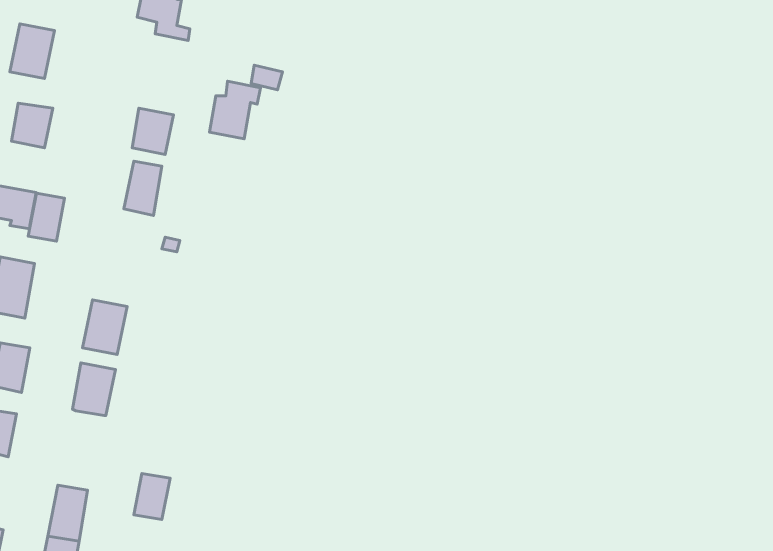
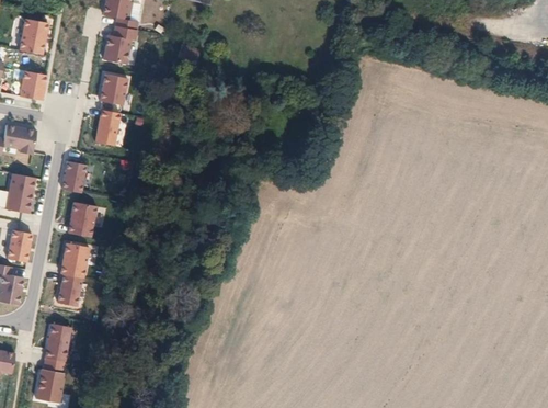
building: [209,81,261,139] -> [103,24,137,63]
building: [28,193,65,241] -> [61,160,85,192]
building: [134,473,170,520] -> [57,274,81,305]

